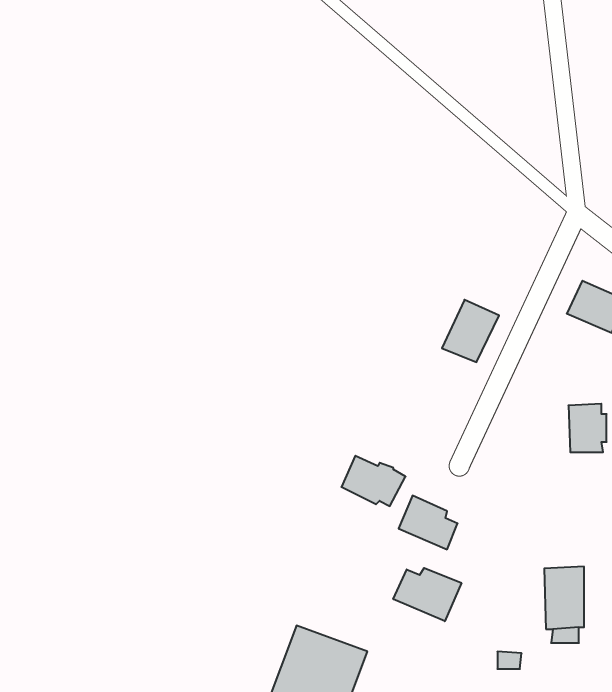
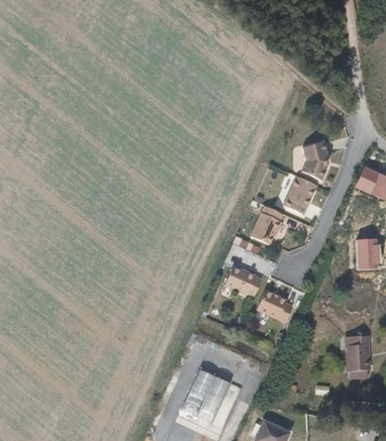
building: none -> [302,142,328,182]
building: none -> [251,206,283,246]
building: [393,568,461,621] -> none

